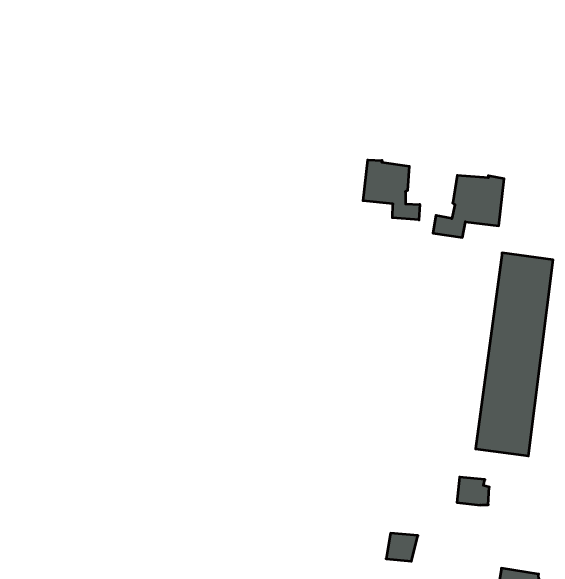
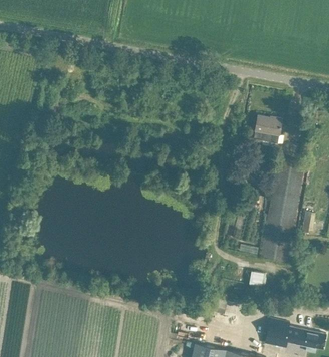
building: [363,160,420,220] -> none

